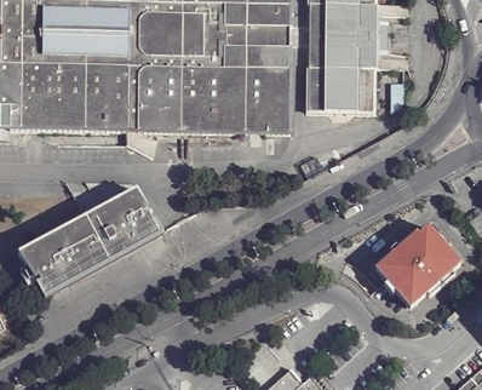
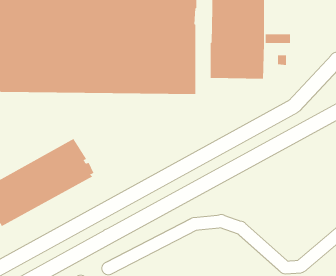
building: [372,228,459,309] -> none

